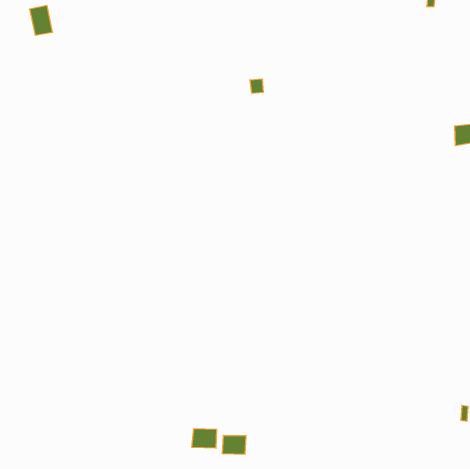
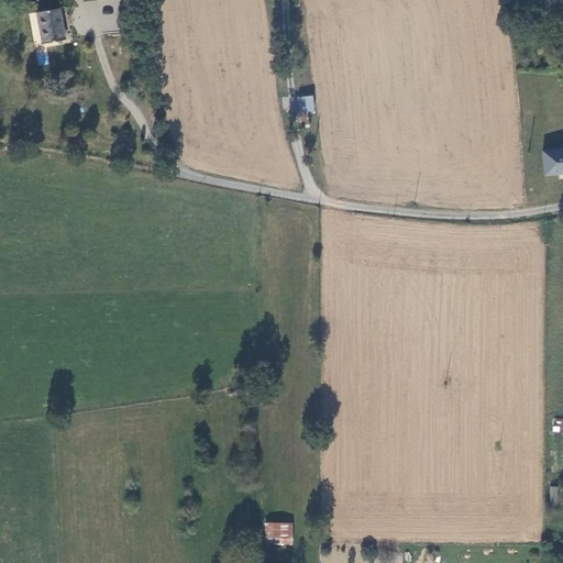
building: [192,429,217,448] -> none

